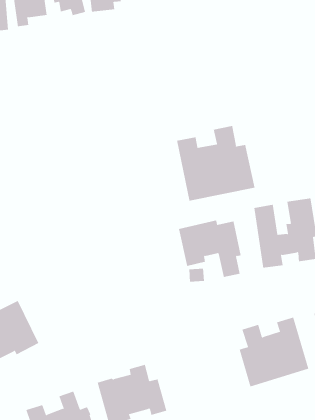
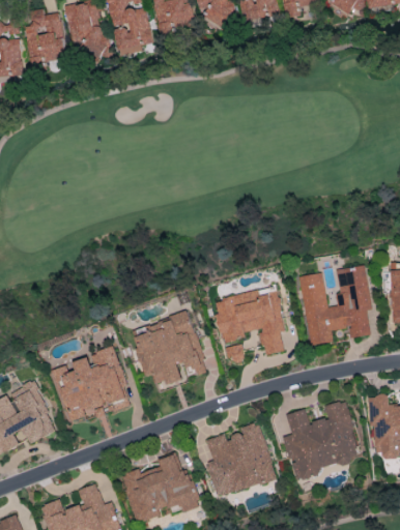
building: [176,125,255,201] -> none
building: none -> [133,312,206,384]
building: none -> [51,347,132,421]
building: none -> [206,421,276,496]

